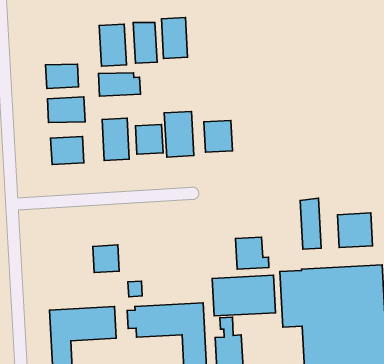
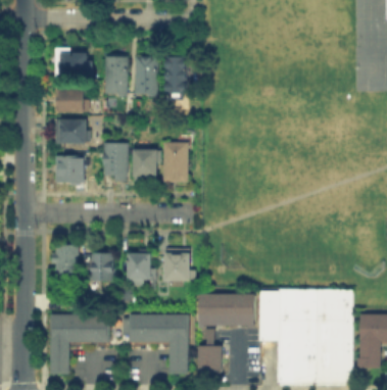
building: [98,73,140,96] -> [58,55,95,76]
building: [204,120,233,152] -> none
building: [300,198,321,249] -> none
building: [337,213,373,247] -> none
building: [235,237,269,269] -> [163,251,192,279]
building: none -> [55,249,78,276]
building: none -> [132,253,153,286]

